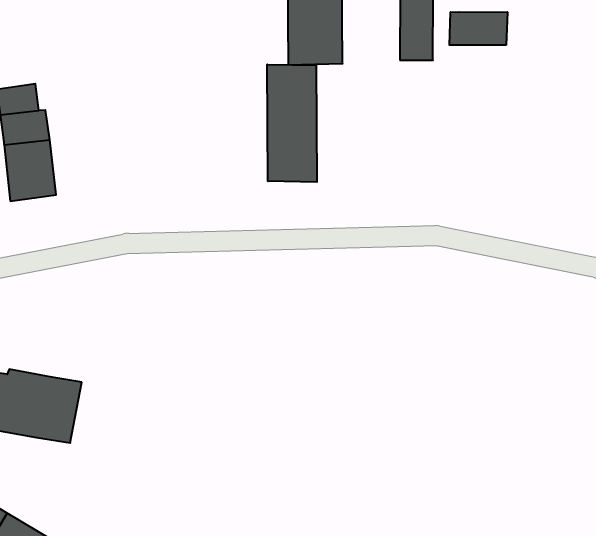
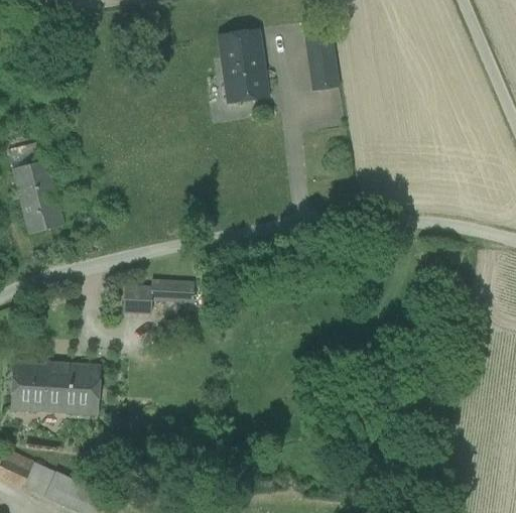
building: [449,12,507,45] -> none
building: [267,64,317,182] -> none
building: none -> [123,280,194,313]

